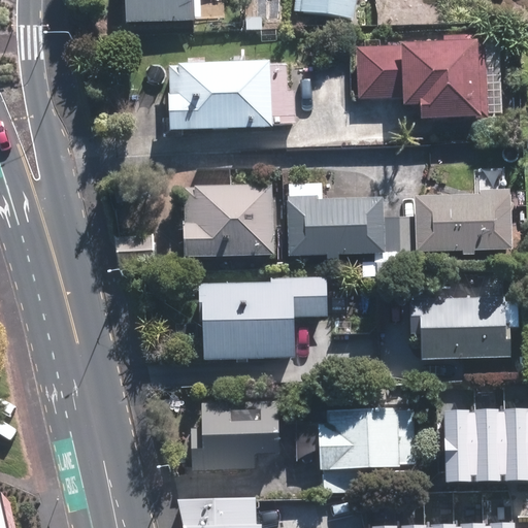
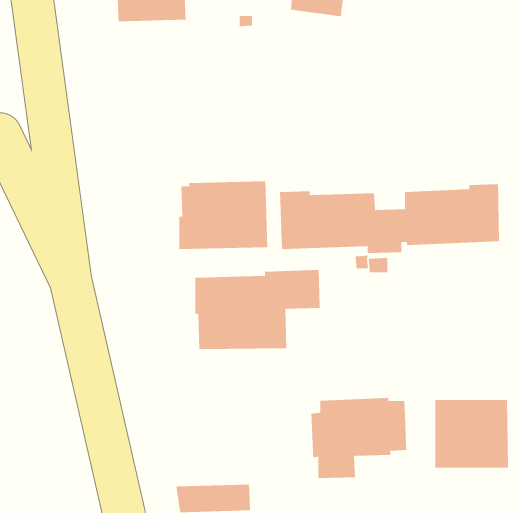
building: [357,34,489,117] -> none
building: [167,60,296,130] -> none
building: [409,296,512,375] -> none
building: [191,398,280,470] -> none

